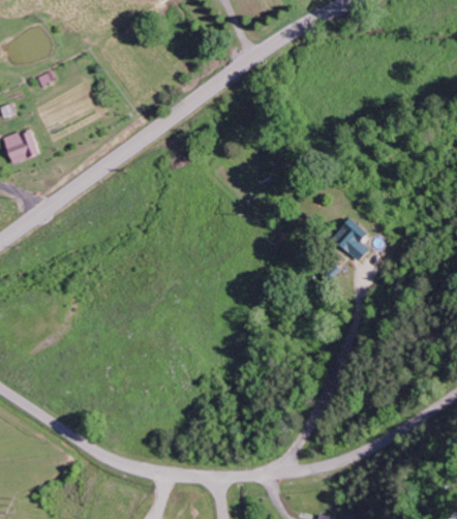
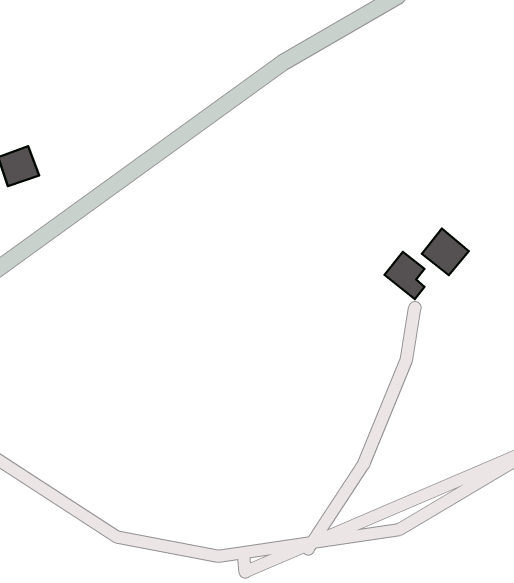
building: none -> [422,229,469,275]

